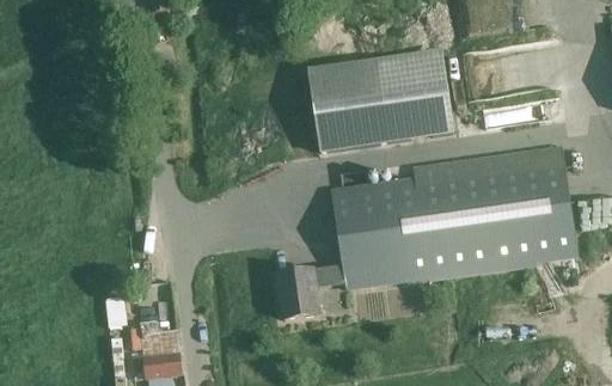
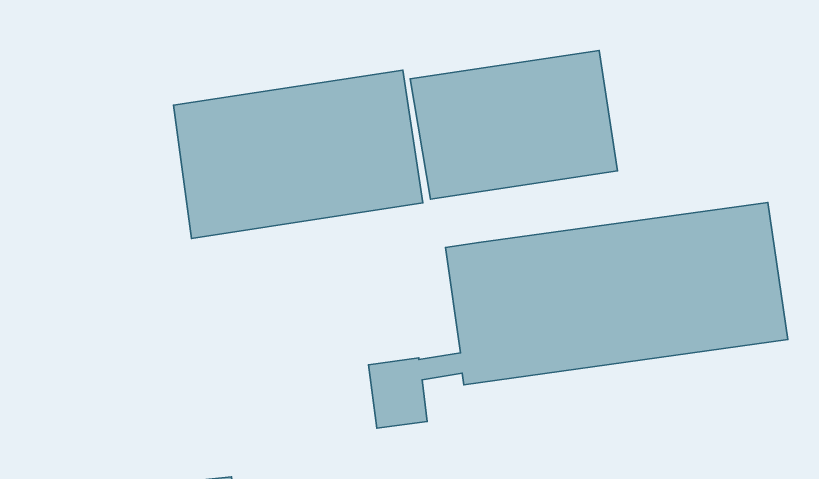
building: none -> [173,70,423,238]

